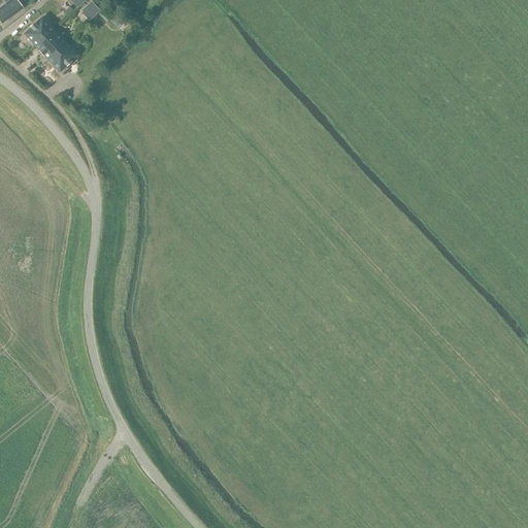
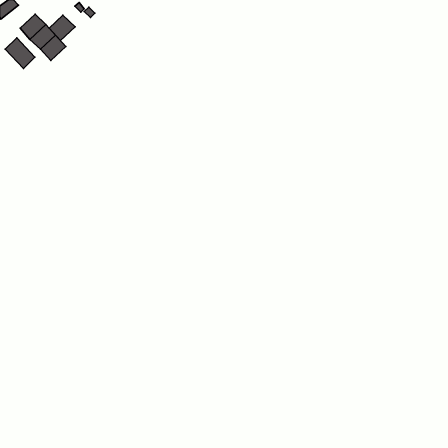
building: none -> [49,15,75,41]
building: none -> [5,38,35,68]

